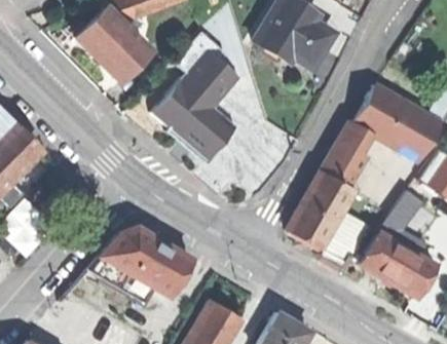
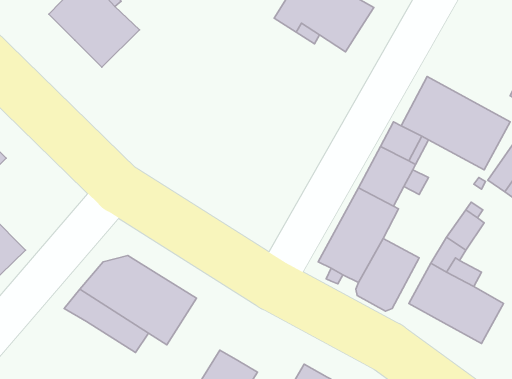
building: [153,34,244,162] -> none

